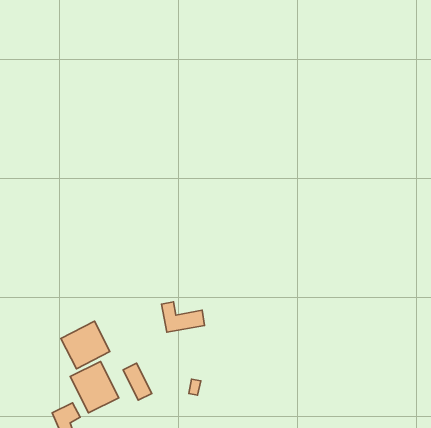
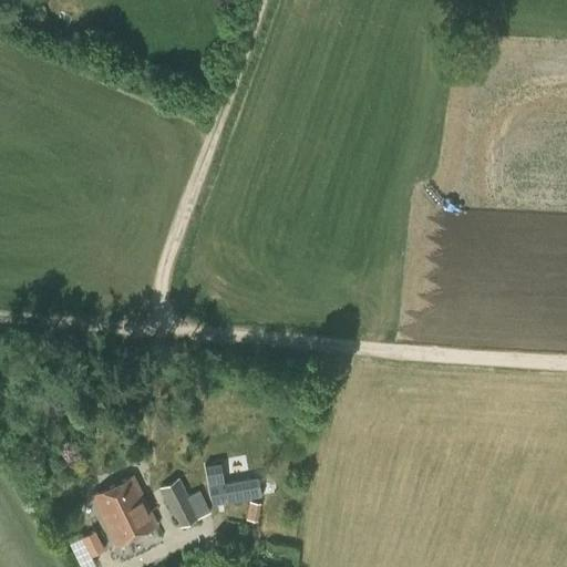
building: [162,302,205,332] -> [205,466,261,506]
building: [61,321,110,369] -> none

